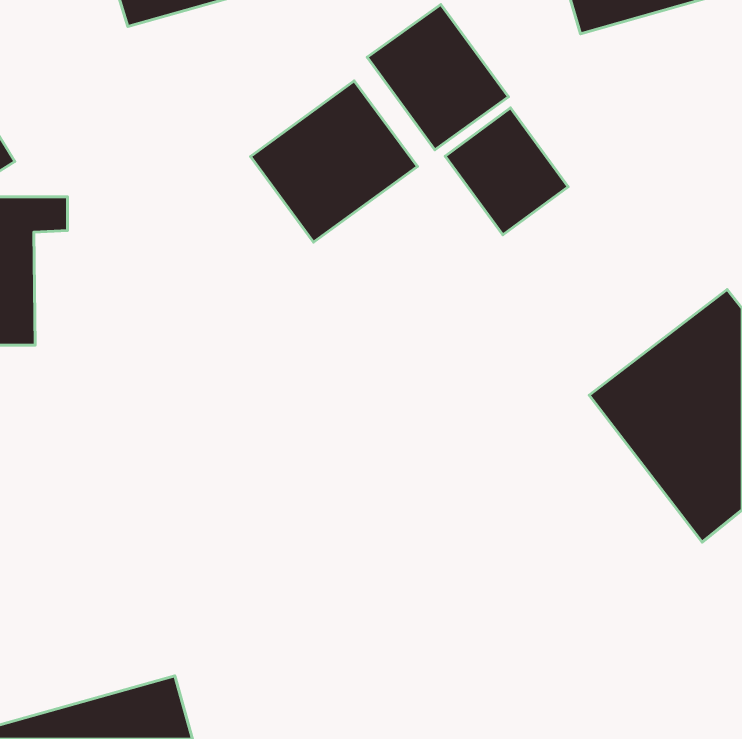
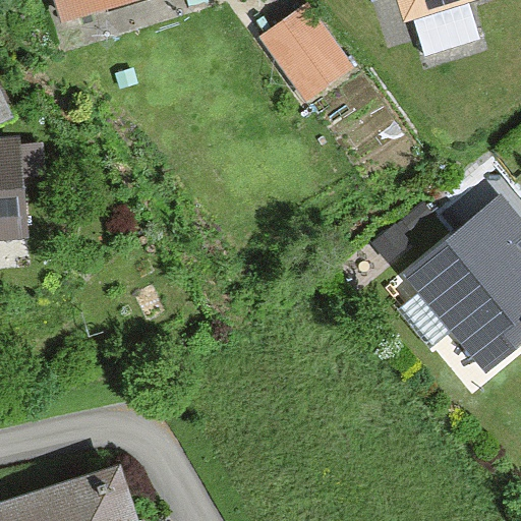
building: [250,81,417,242] -> none
building: [445,108,568,235] -> none

